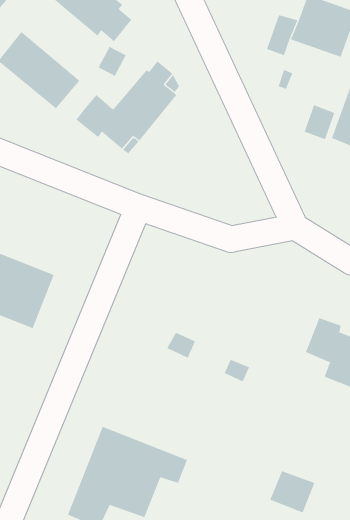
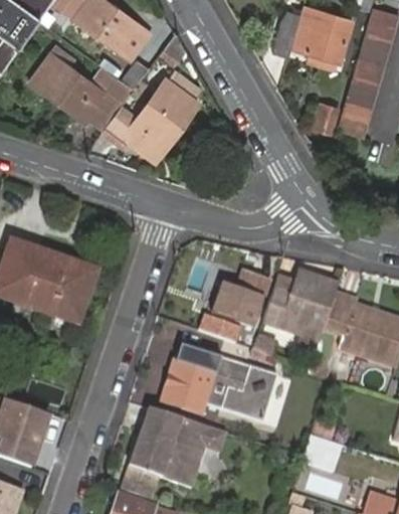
building: none -> [211,272,268,324]
building: none -> [261,270,339,356]
building: none -> [162,347,279,424]

